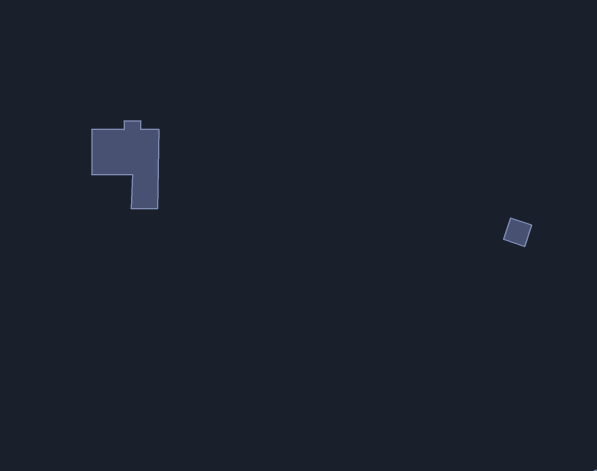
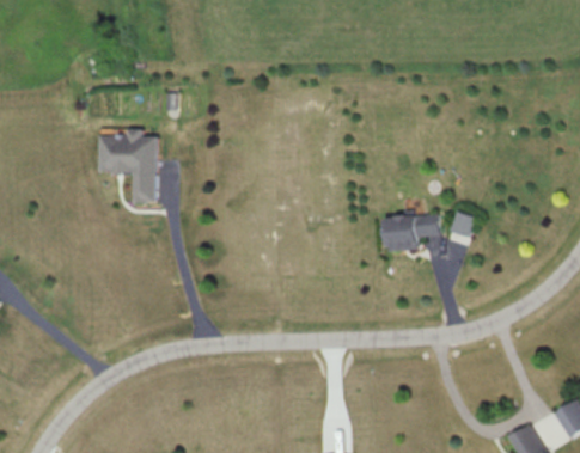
building: none -> [384,215,438,250]

